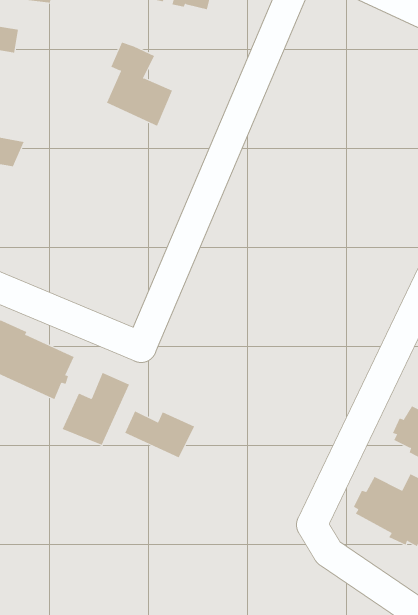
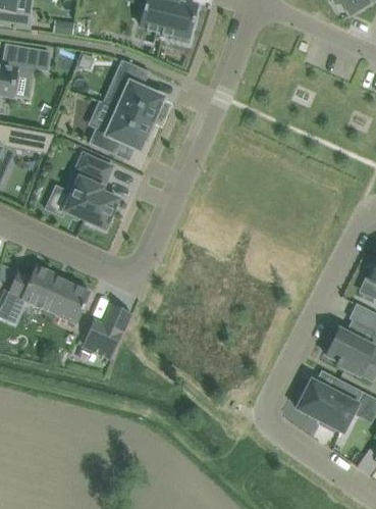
building: none -> [89,106,155,154]
building: none -> [64,153,118,228]
building: [124,411,195,458] -> none

